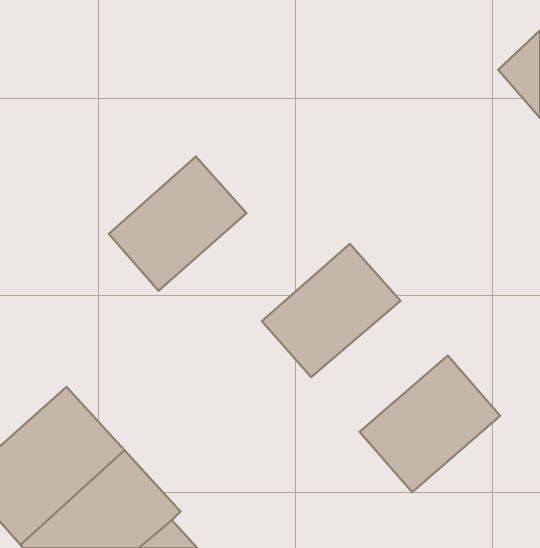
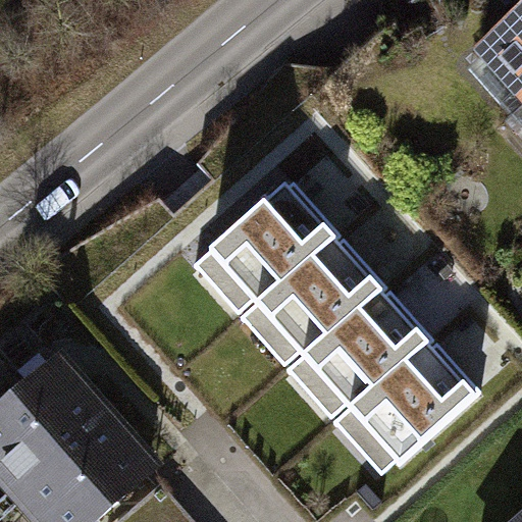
building: [109,156,246,291] -> [202,177,332,305]
building: none -> [296,285,425,410]

